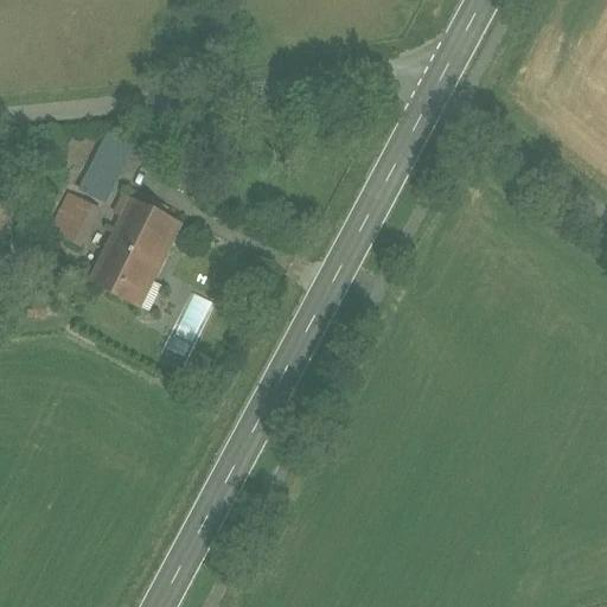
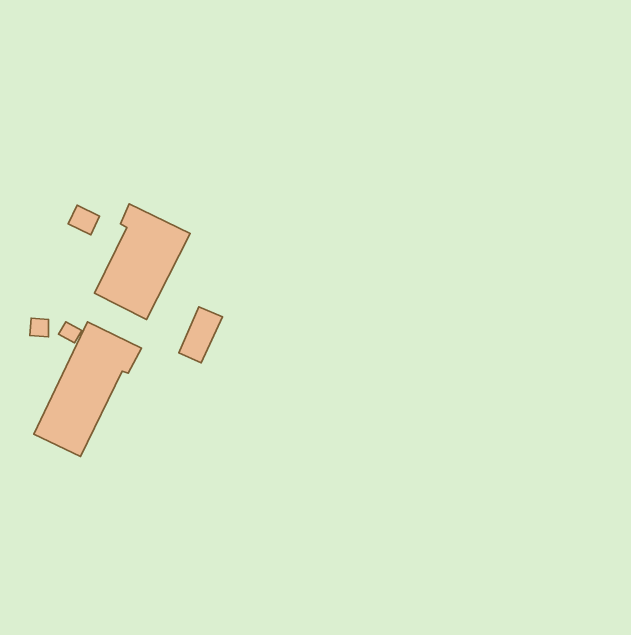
building: [82,134,133,205] -> none
building: none -> [34,322,141,457]

